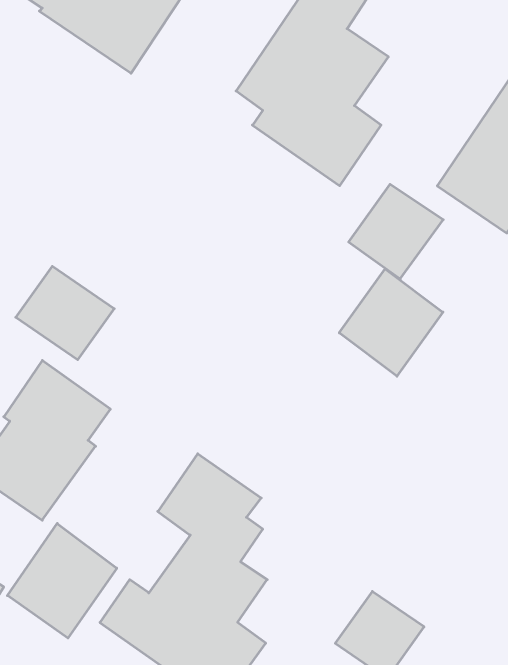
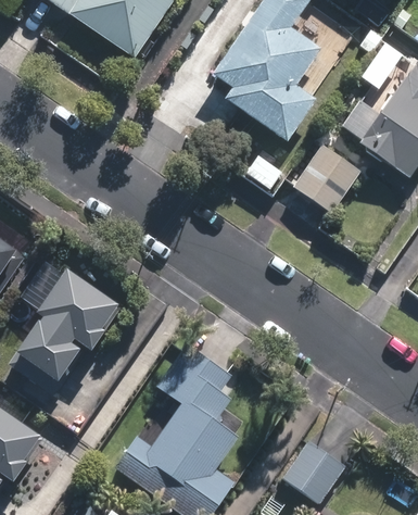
building: [16,266,114,360] -> none
building: [339,269,443,376] -> none
building: [7,523,117,638] -> none

